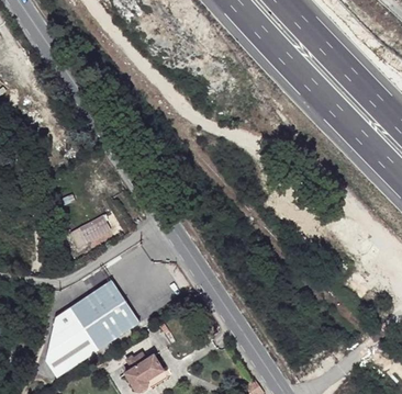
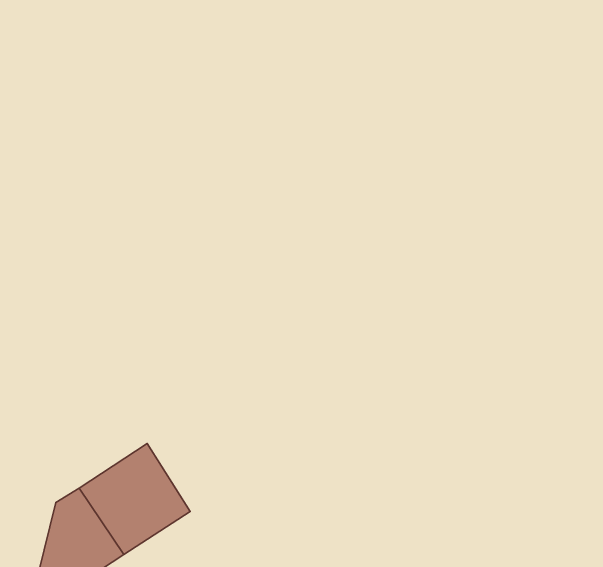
building: [71,218,111,250] -> none

